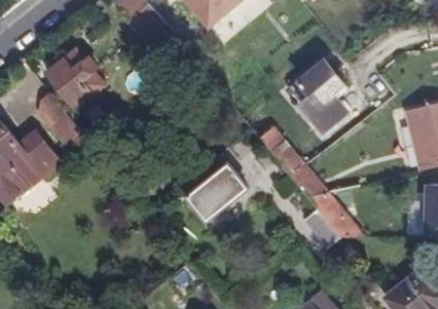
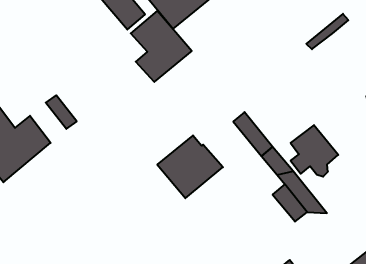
building: none -> [131,11,192,82]
building: [47,50,102,105] -> none
building: [295,62,348,118] -> [291,125,338,177]

